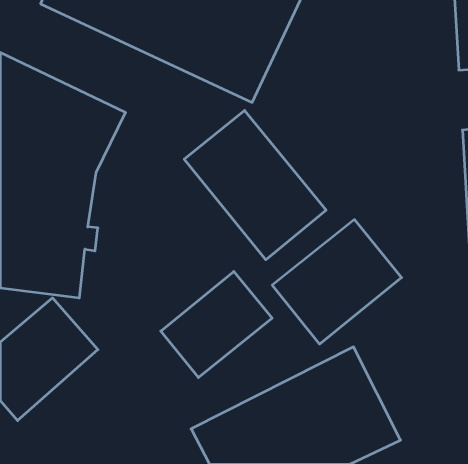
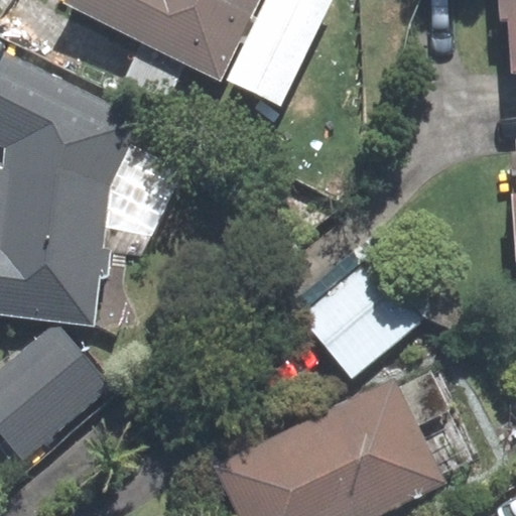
building: [184,110,326,260] -> none
building: [161,271,272,378] -> none

